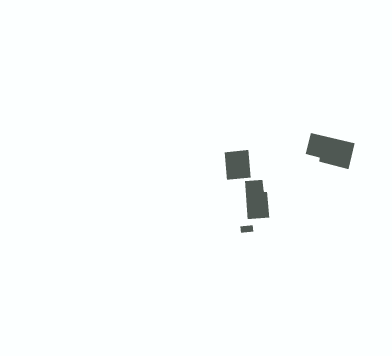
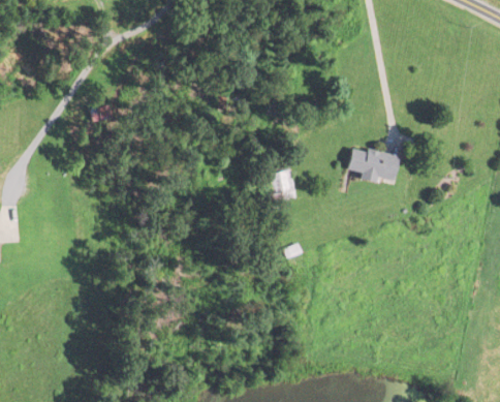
building: [244,179,270,220] -> none

